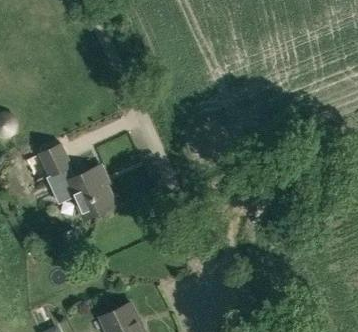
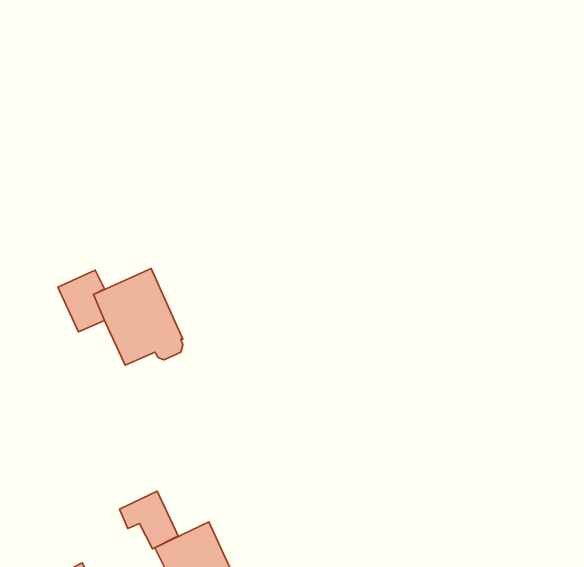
building: [26,143,71,181] -> none
building: none -> [120,491,178,549]

